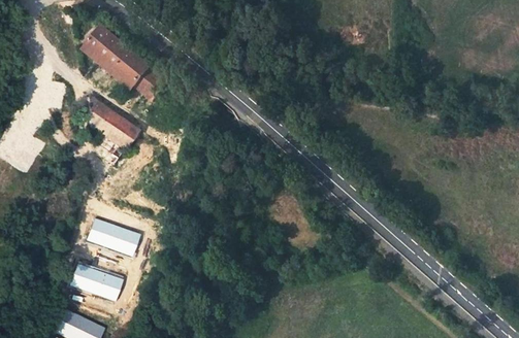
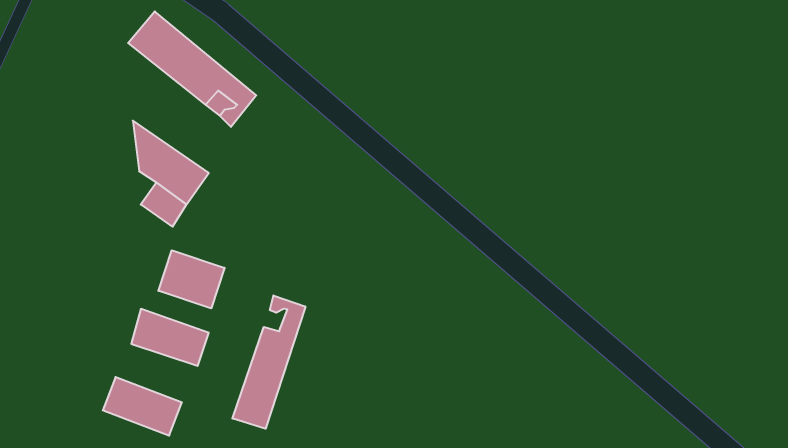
building: none -> [158,250,225,308]
building: none -> [232,295,305,429]

